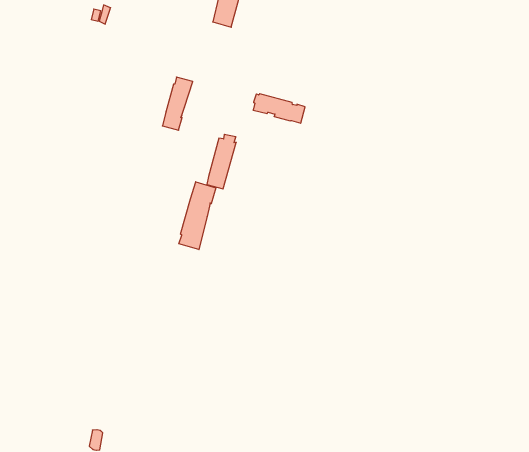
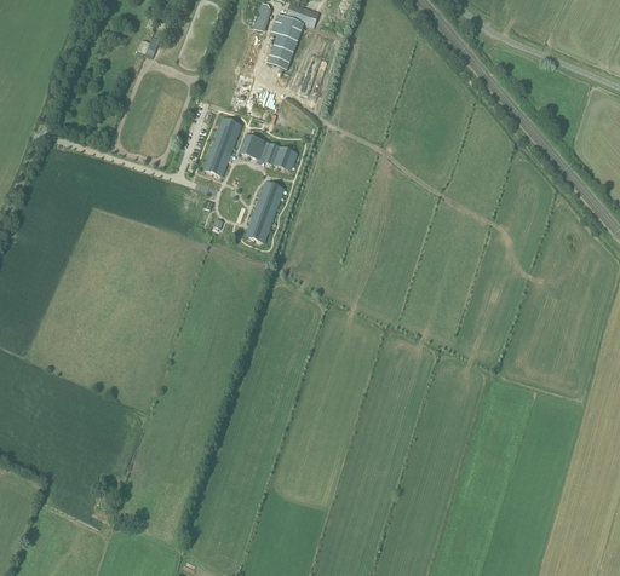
building: [253,94,305,123] -> [240,134,295,169]
building: [179,182,216,250] -> none

